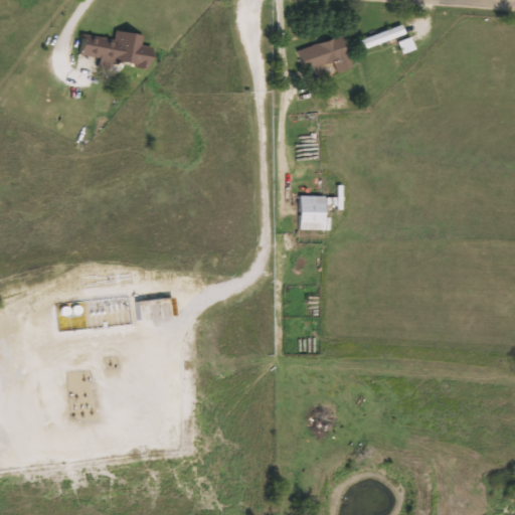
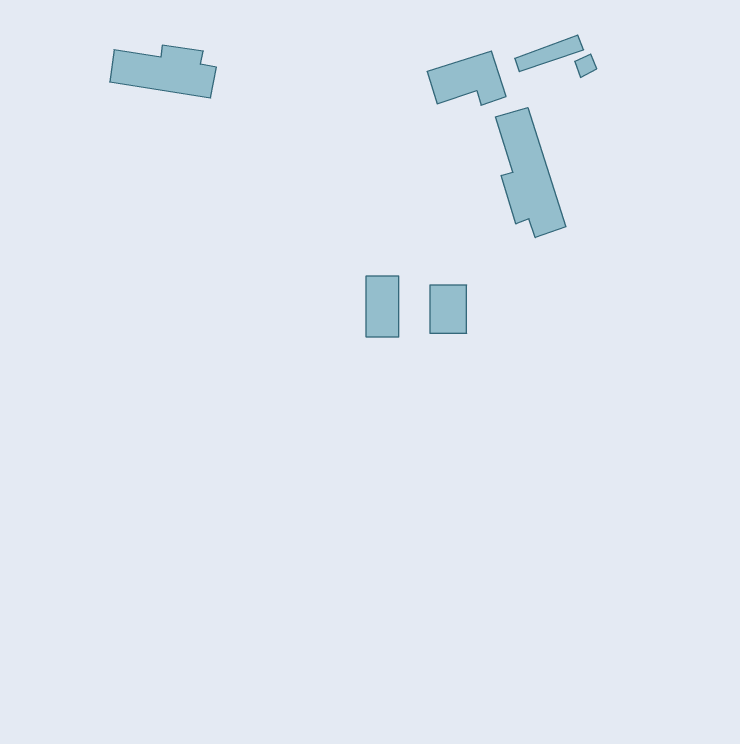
building: none -> [496,108,566,238]
building: none -> [366,276,399,337]

